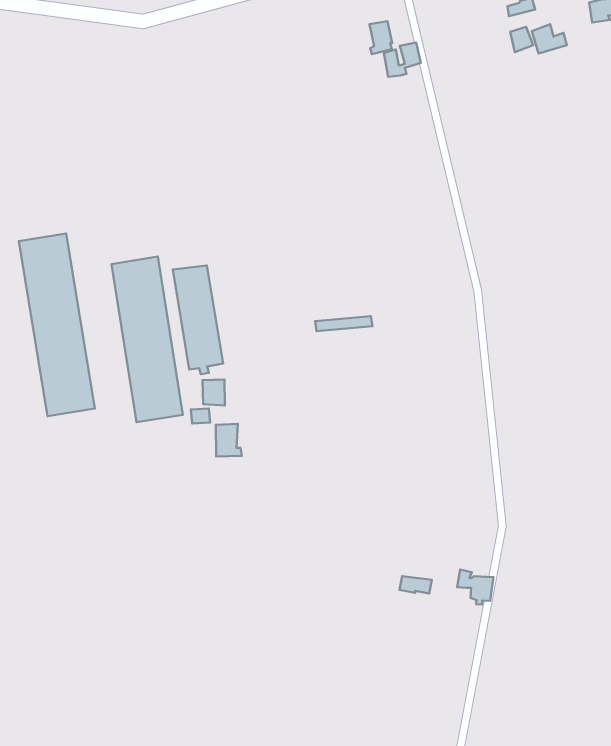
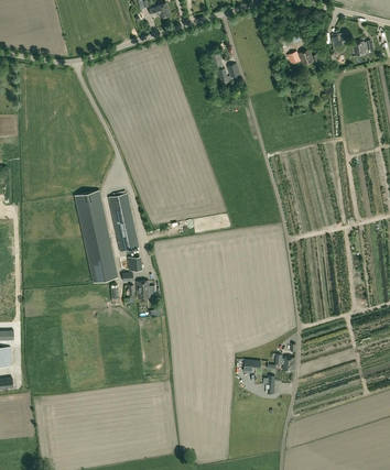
building: [19,234,95,416] -> none

